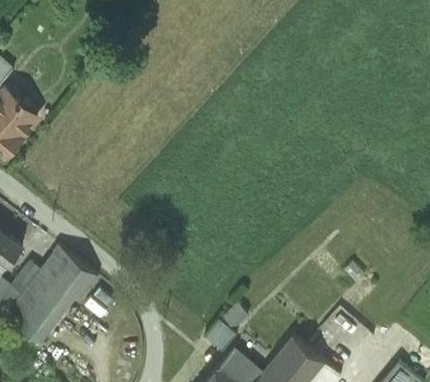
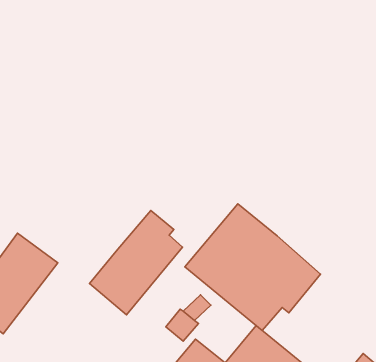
building: none -> [185,204,321,331]
building: none -> [89,211,182,315]

